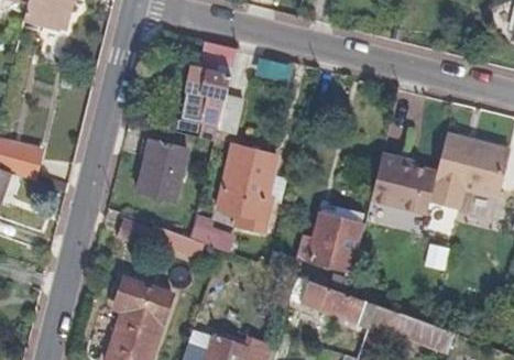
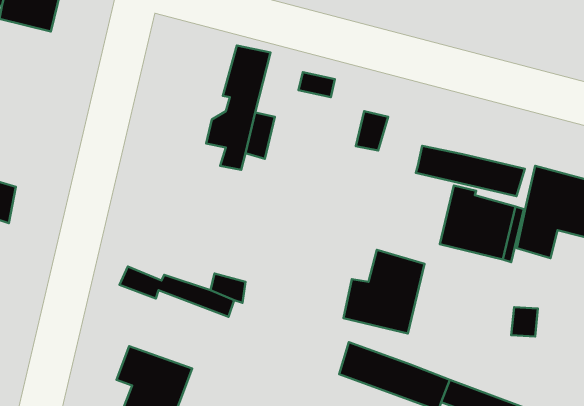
building: none -> [416,146,525,196]
building: [138,138,189,197] -> none
building: [219,141,278,229] -> none

